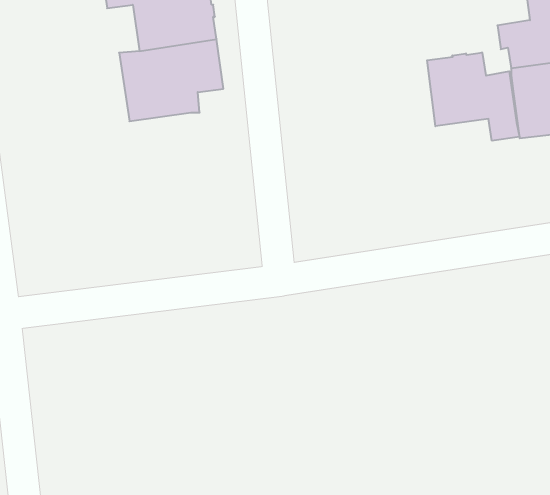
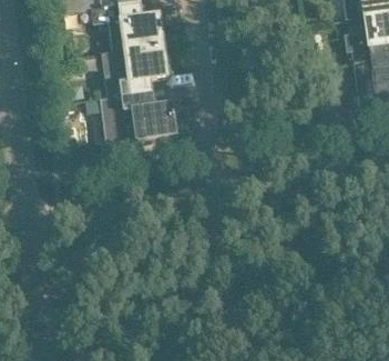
building: [427,52,519,141] -> none
building: none -> [101,89,176,140]

